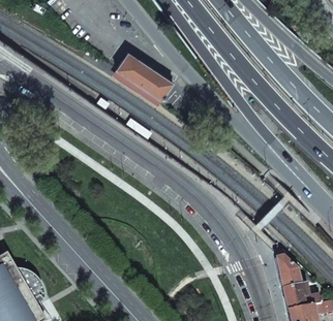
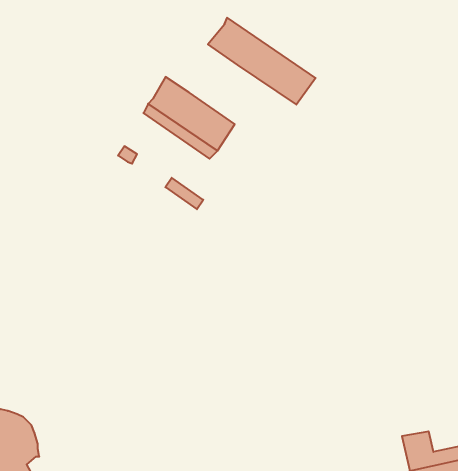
building: none -> [208,18,316,105]
building: [276,257,300,287] -> none

